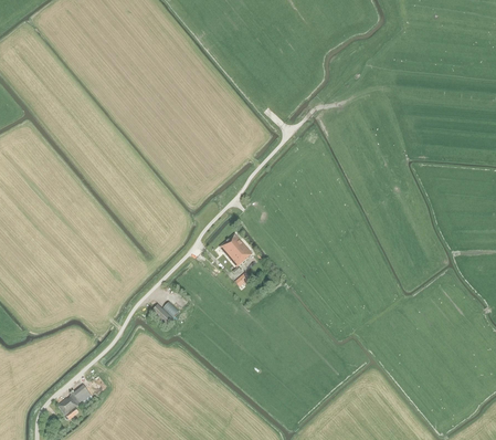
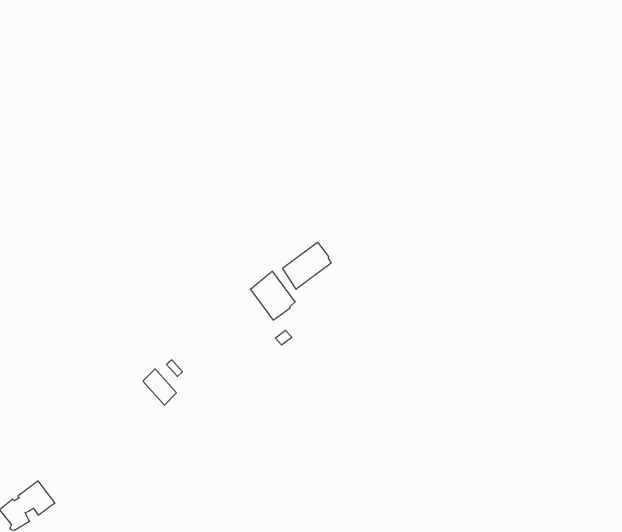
building: none -> [283,242,331,289]

